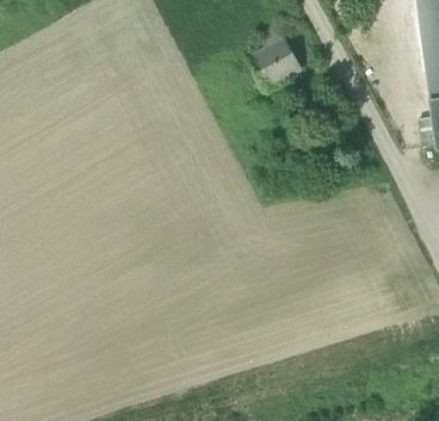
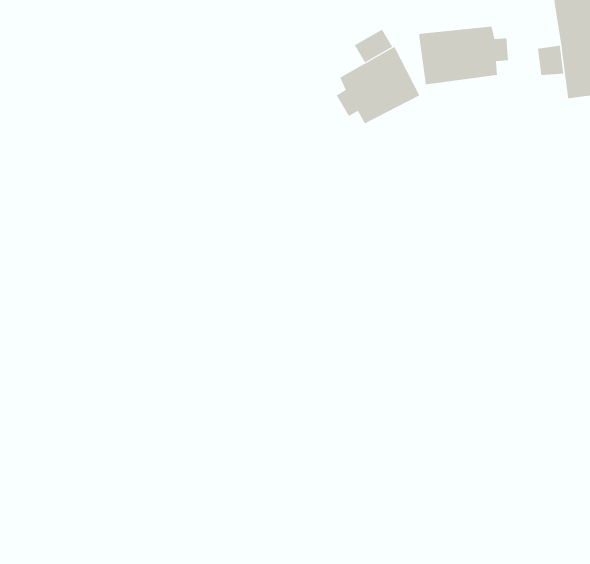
building: none -> [419,26,509,85]

